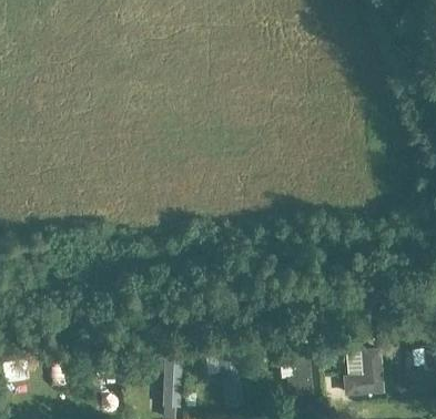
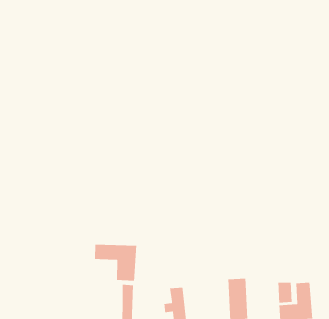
building: none -> [94,244,137,281]

